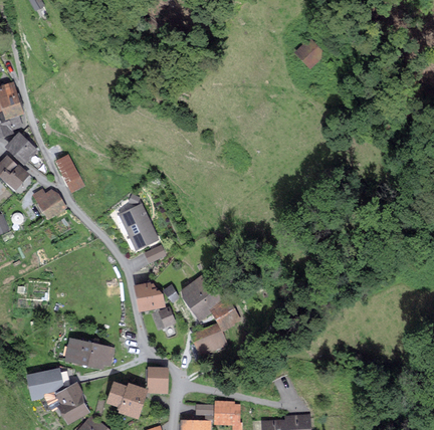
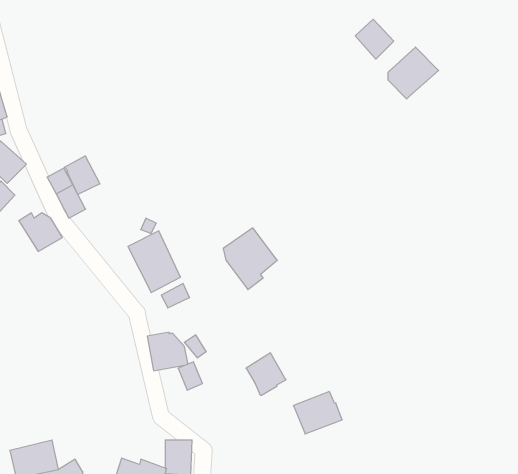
building: none -> [388,47,439,99]
building: none -> [65,156,100,194]
building: [180,273,222,321] -> [223,228,277,290]
building: [189,323,227,356] -> [293,392,342,434]
building: [64,338,115,370] -> none

